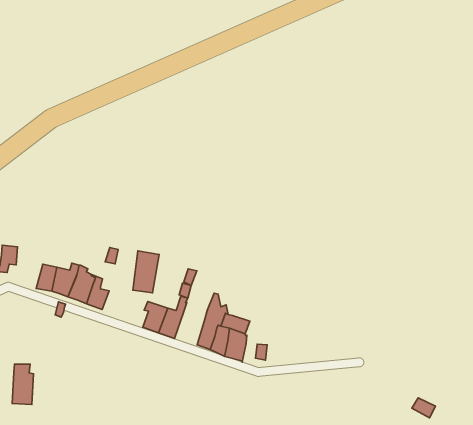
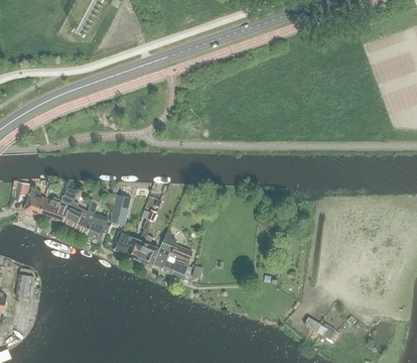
building: none -> [24,189,46,216]
building: none -> [87,204,110,241]
building: none -> [137,235,162,266]

